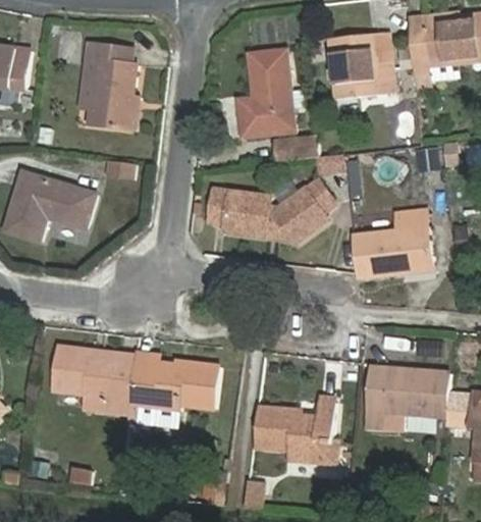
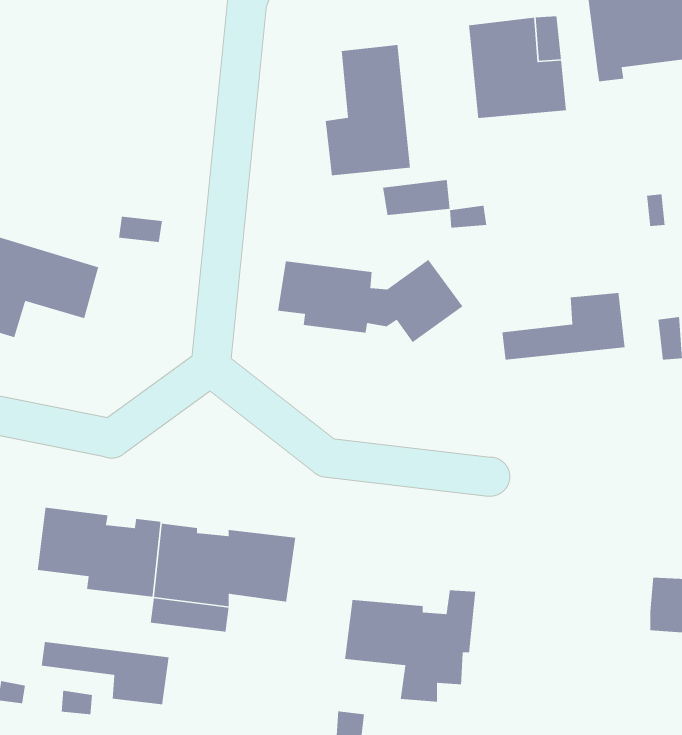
building: [78,40,135,128] -> none
building: [354,245,433,277] -> none
building: [365,366,449,428] -> none
building: none -> [41,641,169,705]

